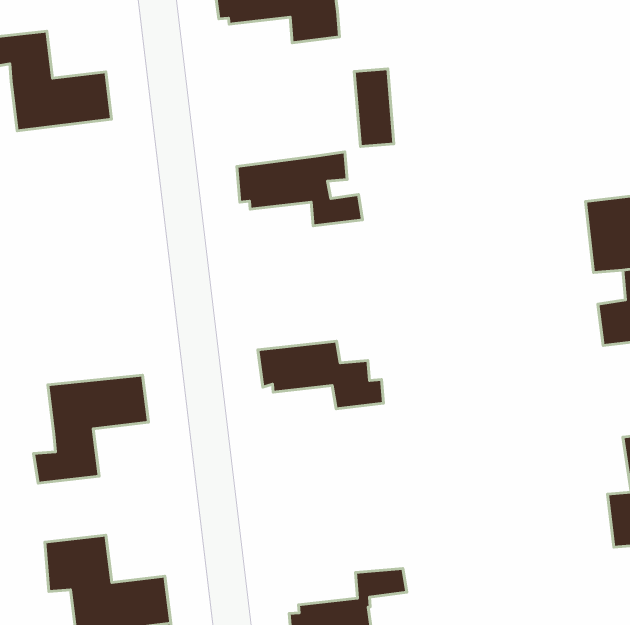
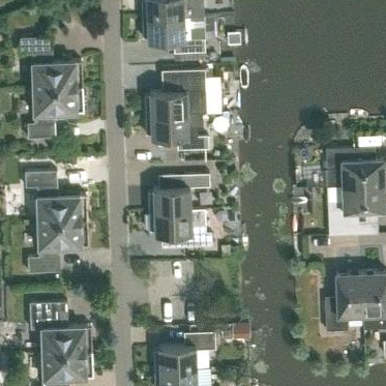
building: none -> [144,70,206,117]
building: none -> [26,87,83,140]
building: none -> [147,175,209,213]
building: none -> [24,172,87,222]

